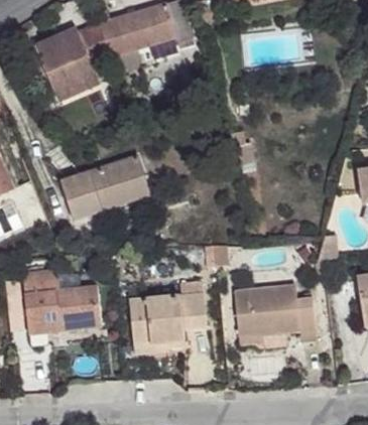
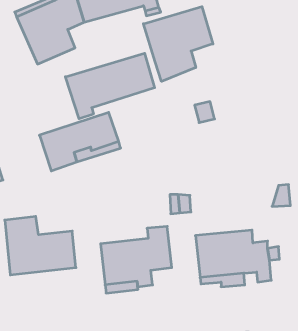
building: none -> [143,7,213,81]
building: none -> [65,53,155,119]

